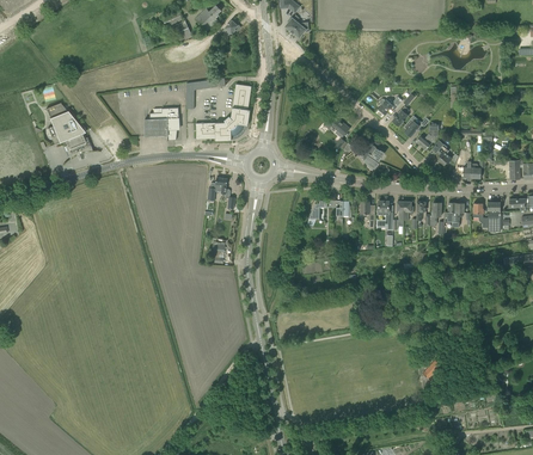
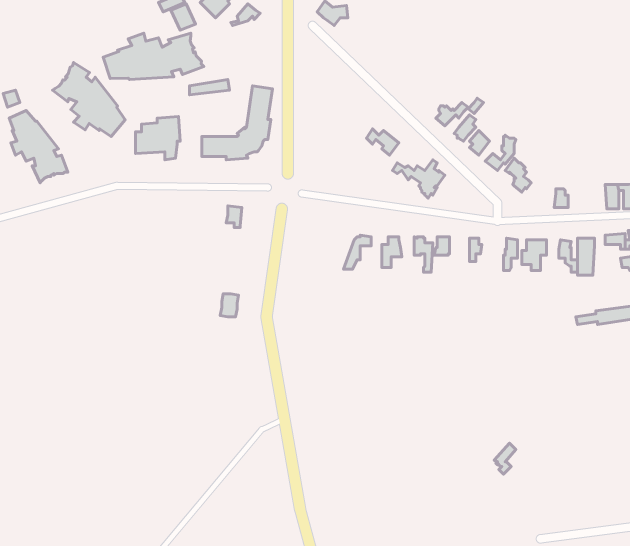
building: none -> [103,33,204,80]
building: none -> [52,63,125,136]

